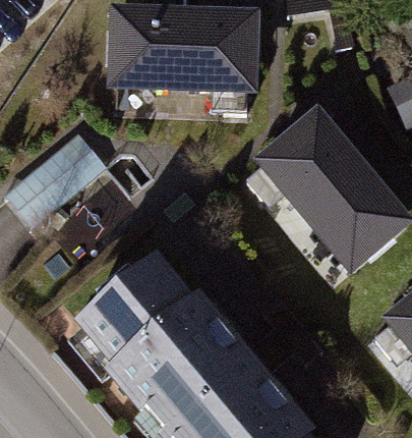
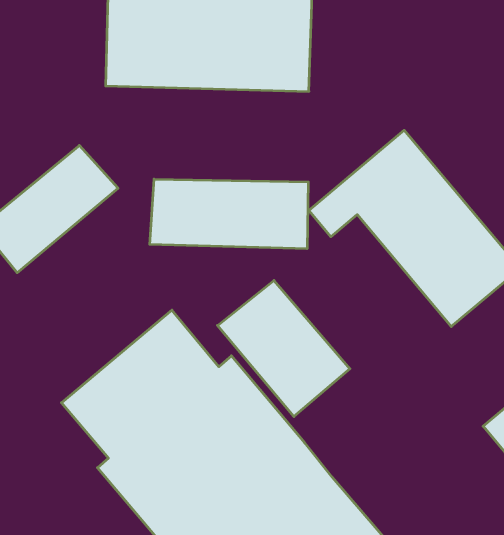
building: none -> [150,179,308,249]
building: none -> [217,280,350,417]

